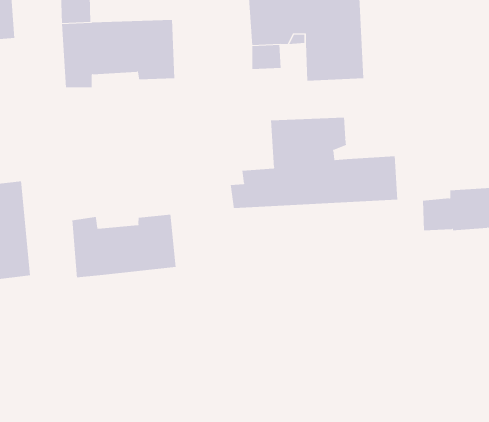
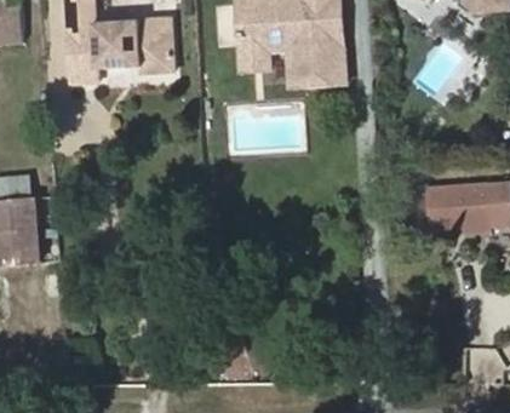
building: [230,117,398,209] -> none
building: [72,214,176,278] -> none

